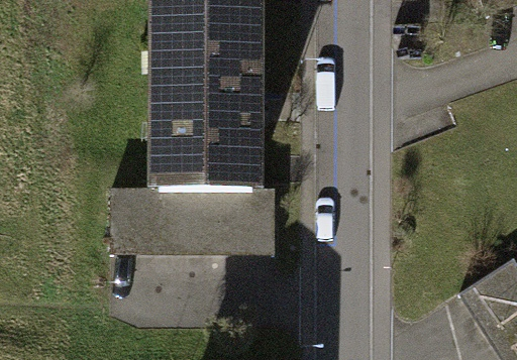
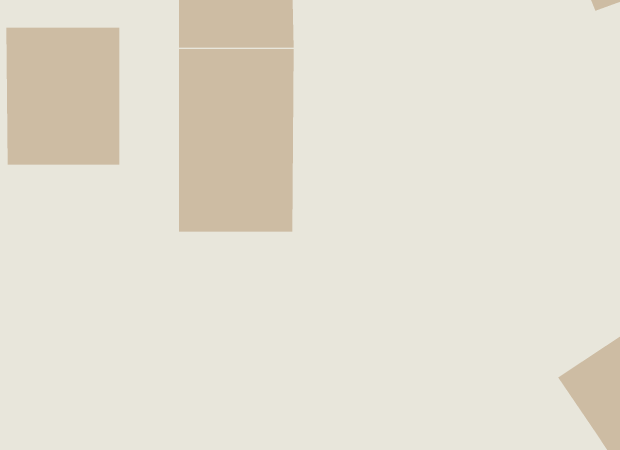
building: none -> [6,27,120,165]
building: [112,189,274,255] -> none

